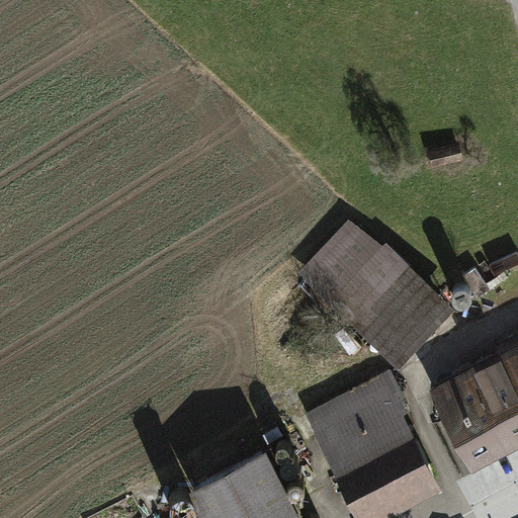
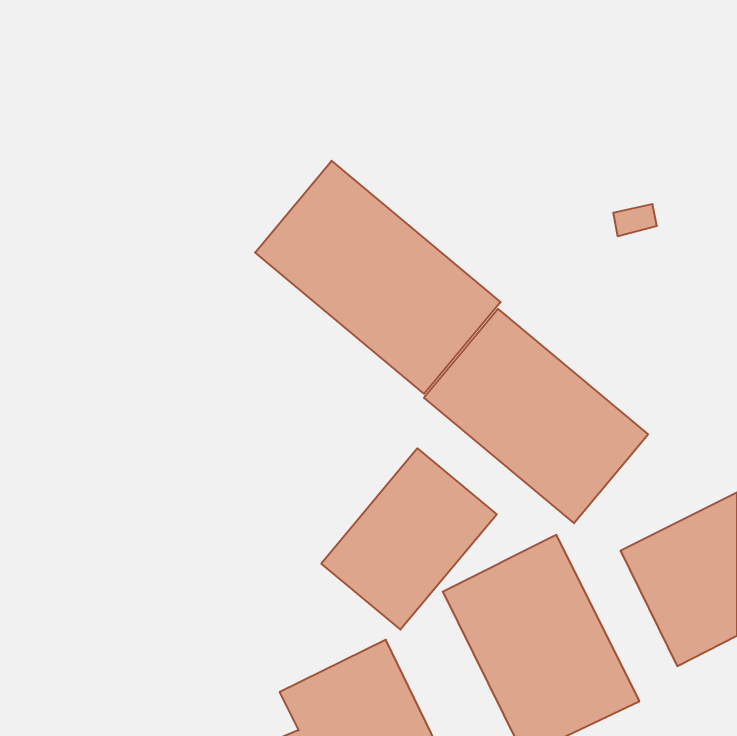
building: none -> [255,161,501,394]
building: none -> [321,448,497,630]

